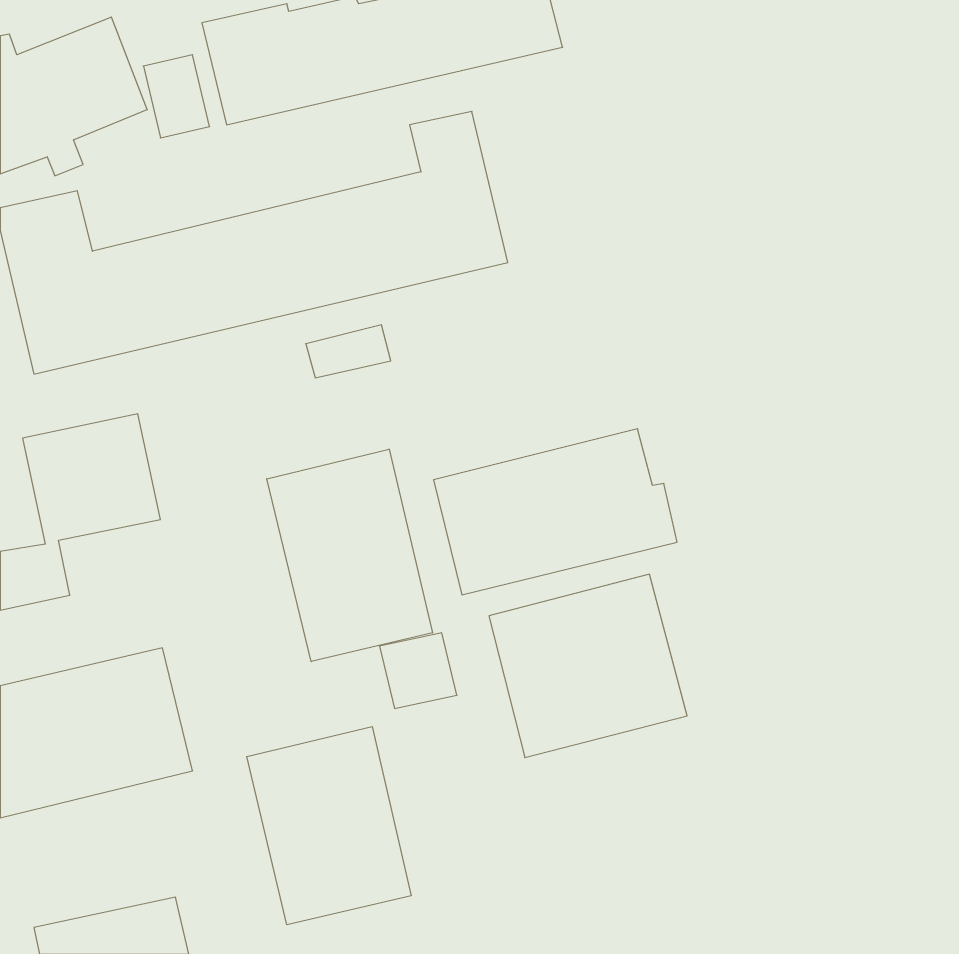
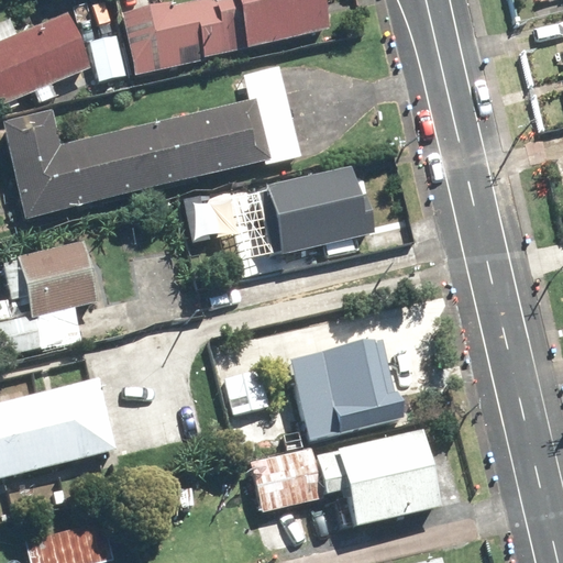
building: [434,429,677,595] -> [231,163,373,260]
building: [267,449,432,662] -> none
building: [247,727,411,925] -> none
building: none -> [249,429,440,528]

